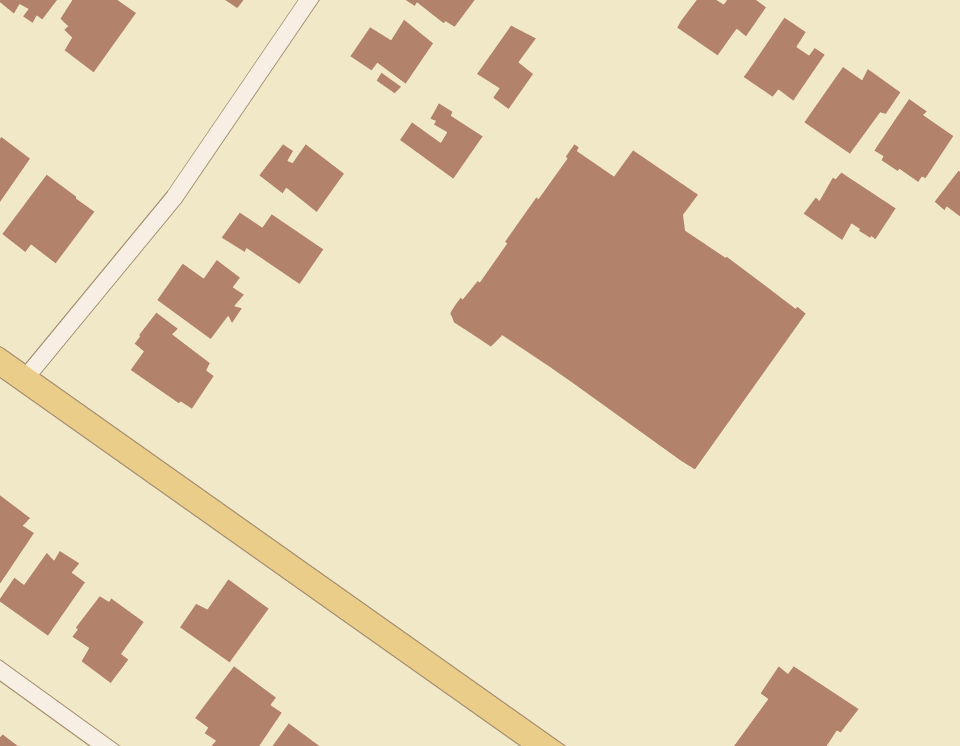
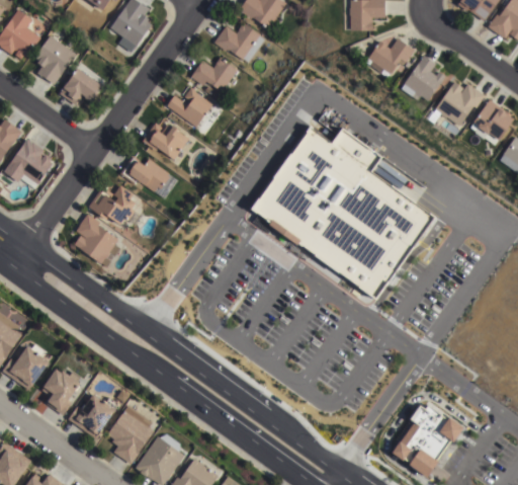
building: [476,24,537,110] -> none
building: none -> [60,70,102,107]
building: [399,102,484,180] -> [166,85,211,127]
building: [802,172,897,241] -> none
building: [179,578,270,663] -> [68,391,116,436]

